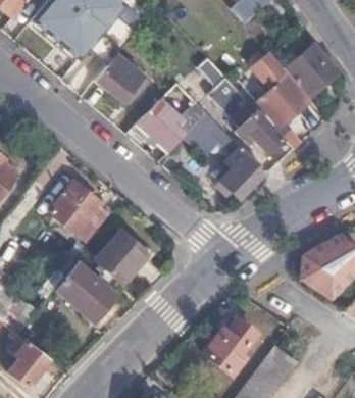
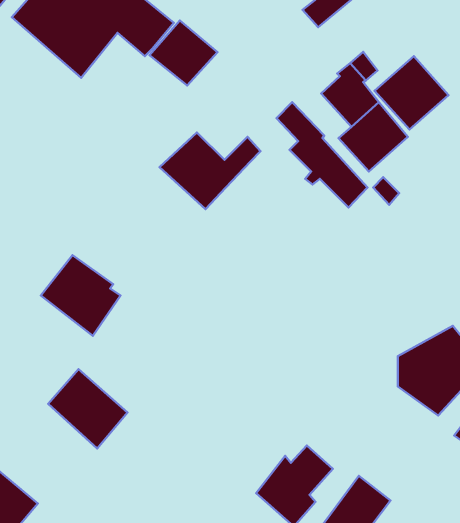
building: [95,55,143,101] -> [149,21,217,85]
building: [182,111,266,196] -> none
building: [95,231,147,284] -> none

